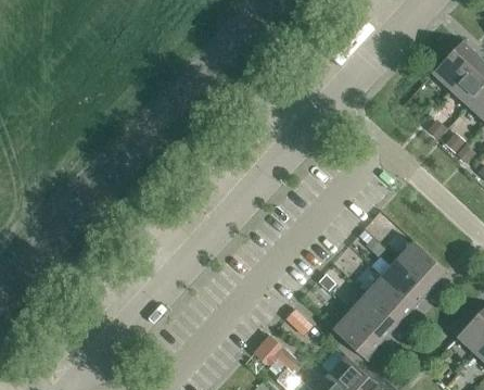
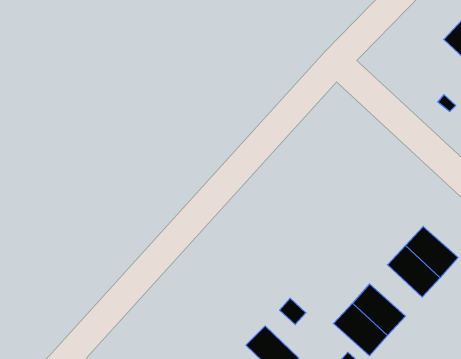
building: [365,277,412,324] -> none

